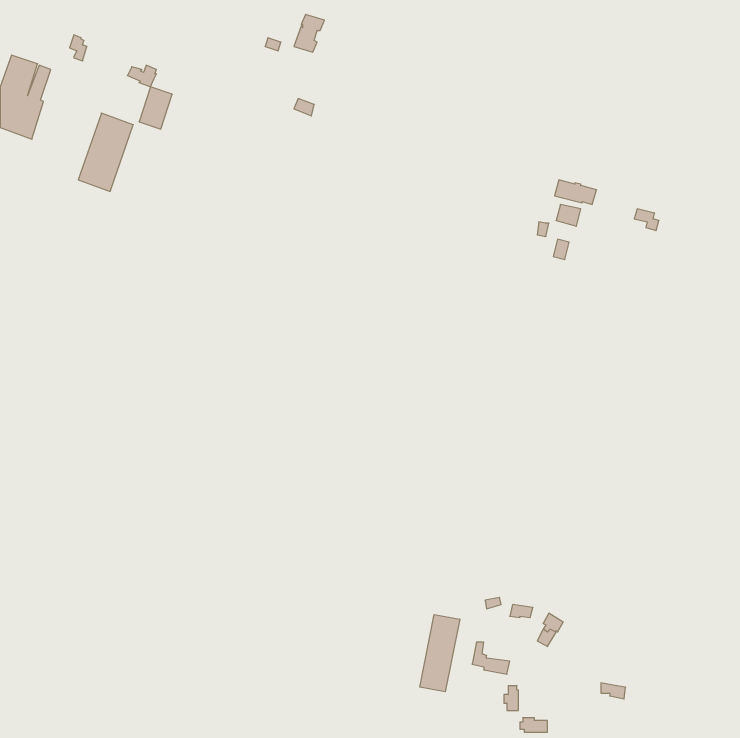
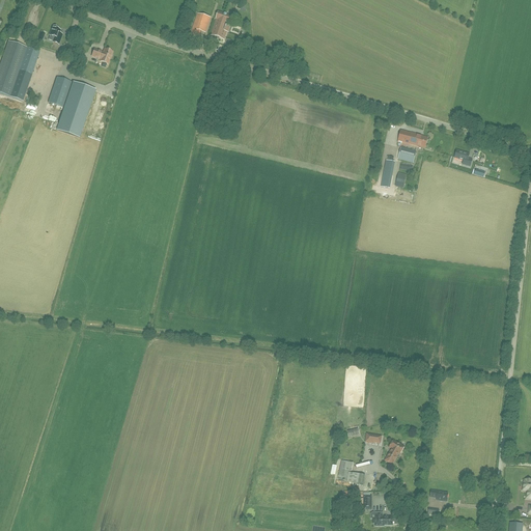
building: [139,87,172,129] -> [48,76,72,106]
building: [420,615,460,692] -> none

